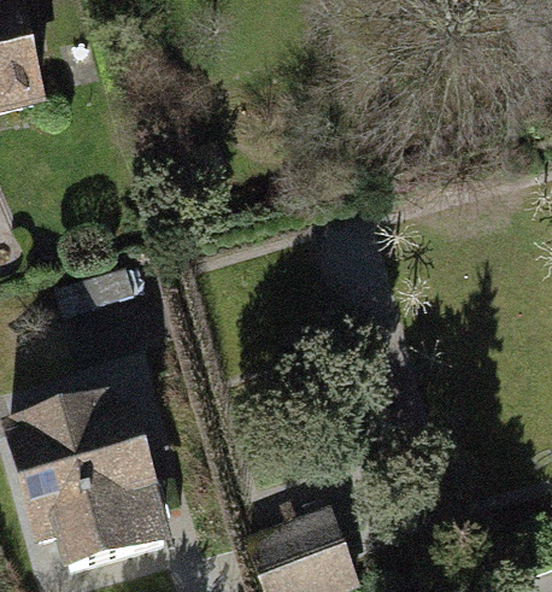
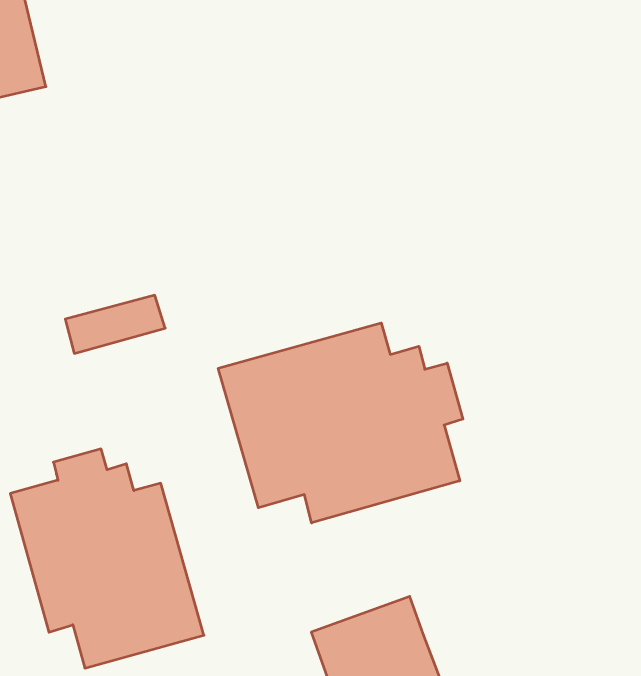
building: none -> [218,323,463,523]

